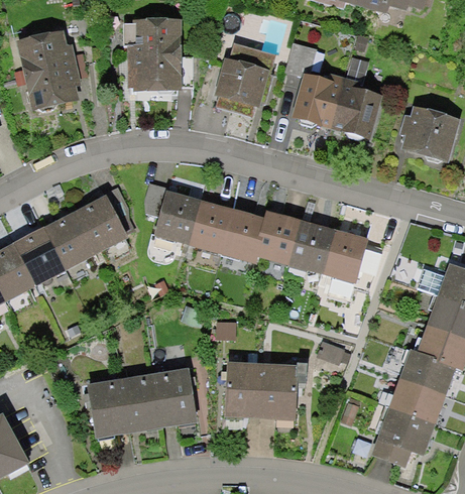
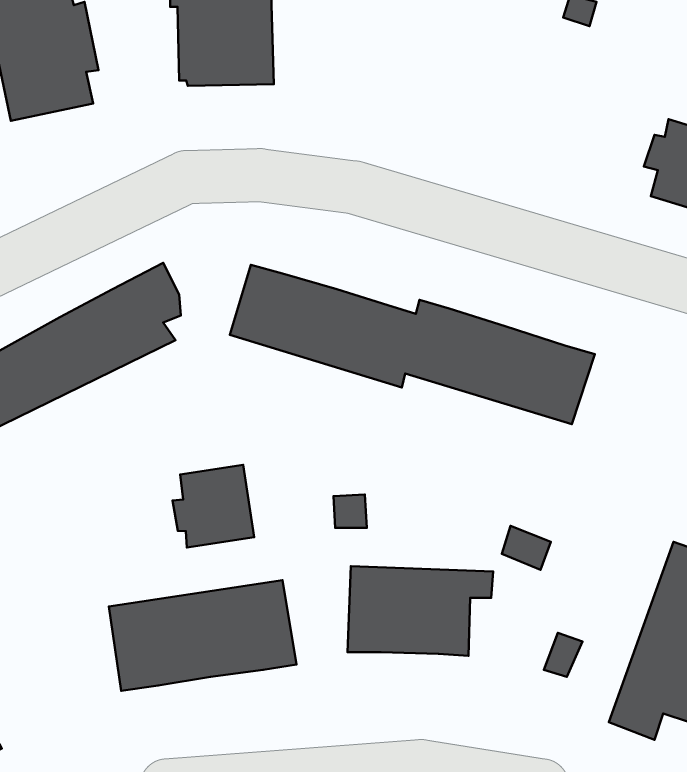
building: [284,43,378,141] -> none
building: [211,49,271,110] -> none
building: none -> [172,465,254,548]

